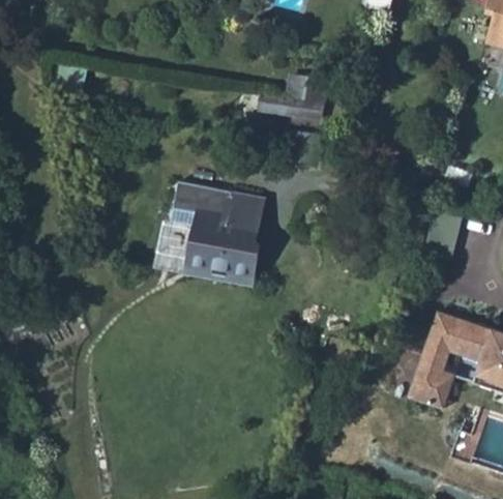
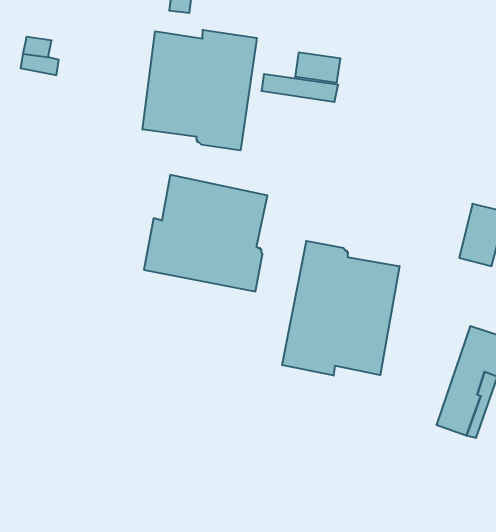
building: none -> [142,30,257,150]
building: none -> [282,241,400,376]

